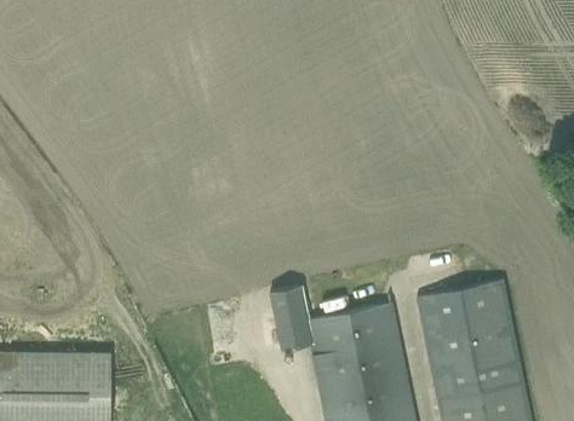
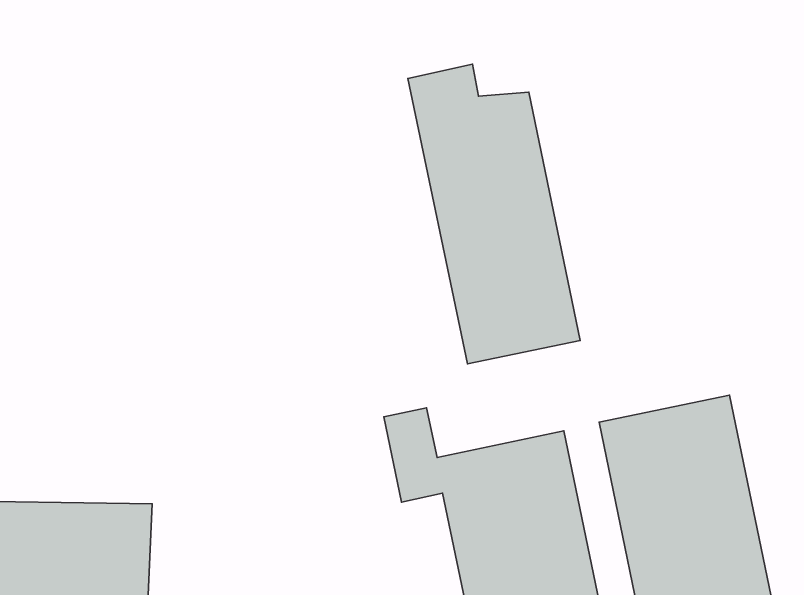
building: none -> [408,64,580,364]

